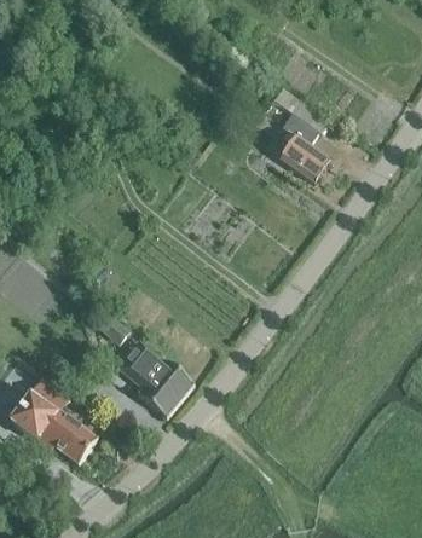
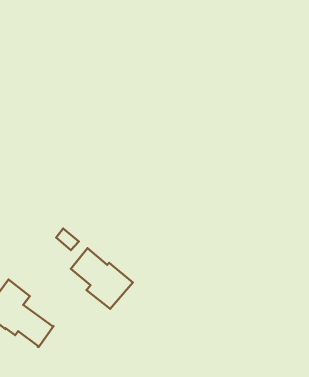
building: [279,112,329,183] -> none

